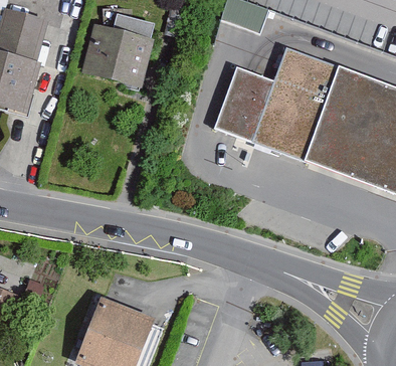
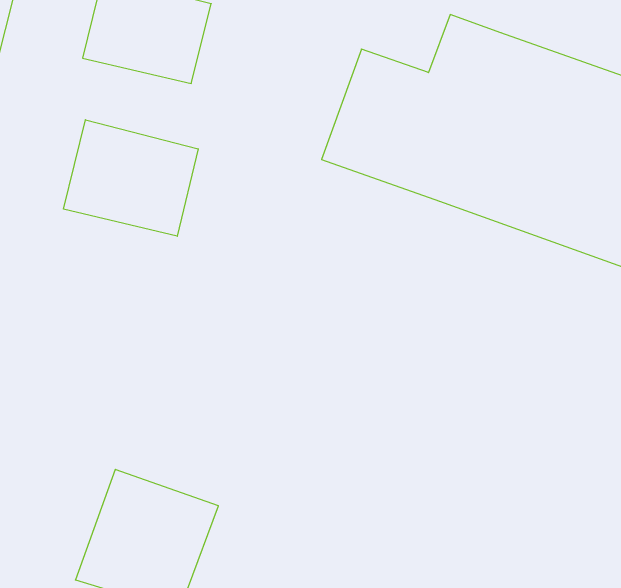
building: none -> [64,120,198,236]

